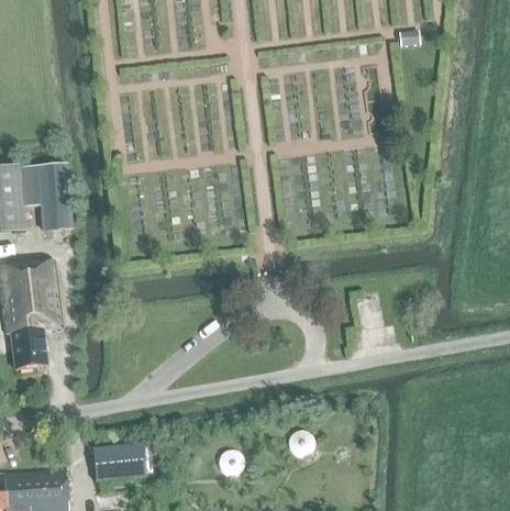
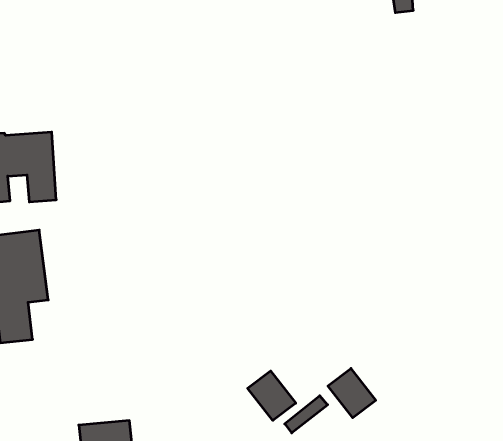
building: none -> [328,368,376,418]
building: none -> [248,371,296,420]

